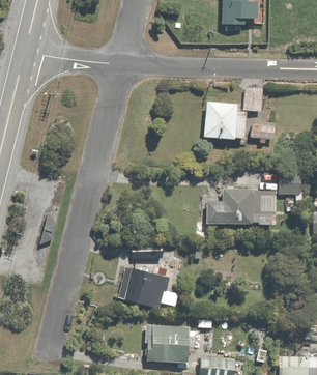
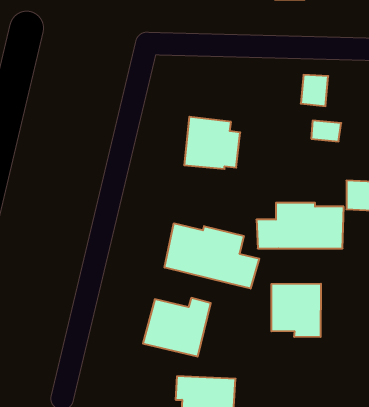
building: [202,100,247,142] -> [184,117,240,169]
building: none -> [165,223,259,289]
building: none -> [271,284,321,337]

